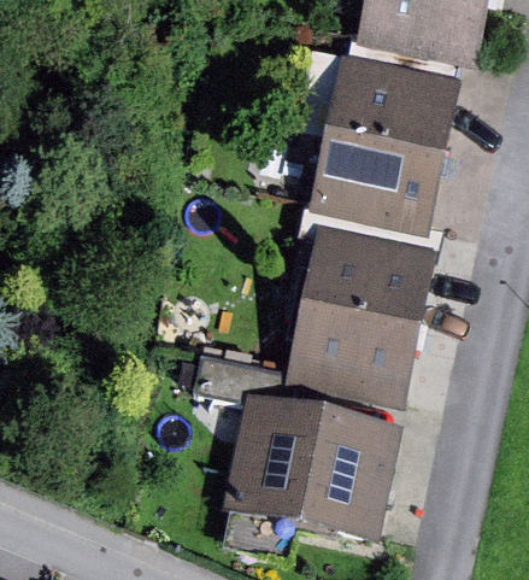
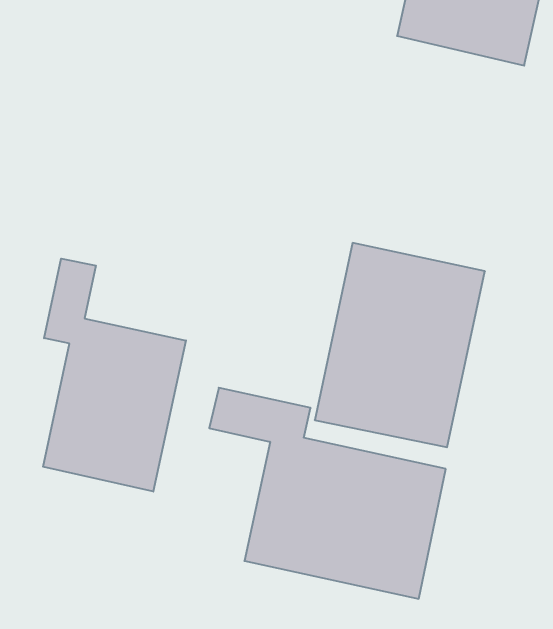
building: [308,52,462,233] -> none
building: none -> [43,259,186,492]

